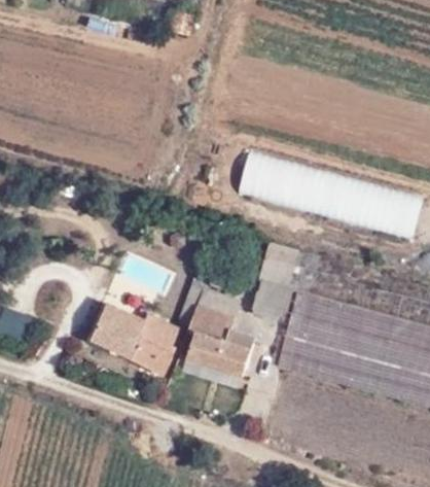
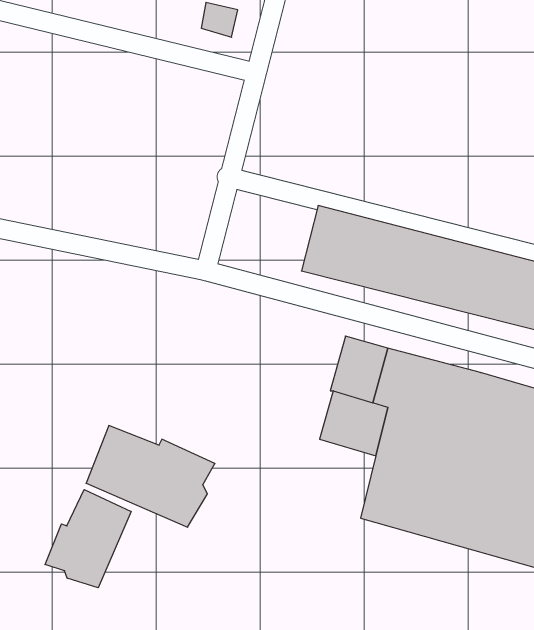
building: [178,279,255,390] -> none
building: none -> [45,490,131,588]

